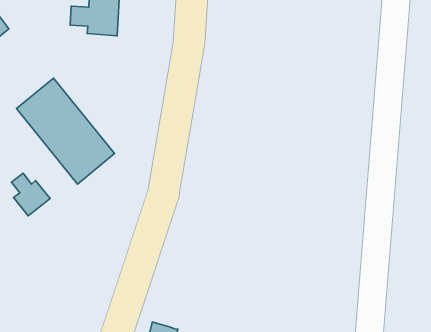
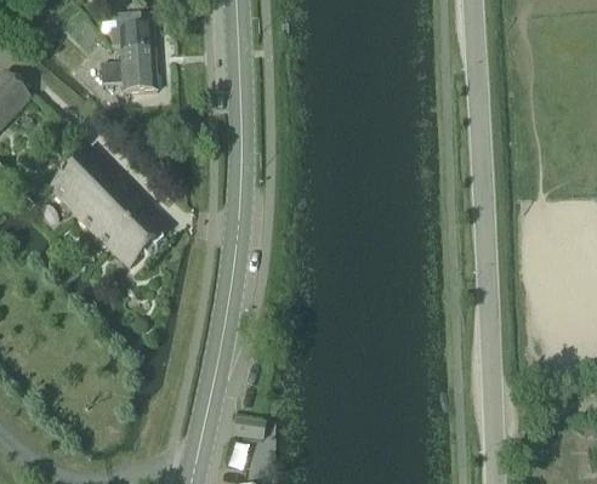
building: [12,173,50,216] -> none

